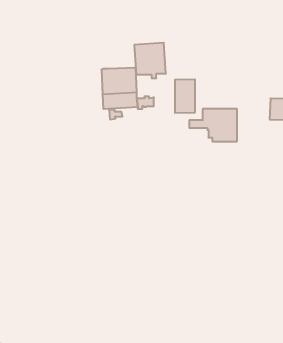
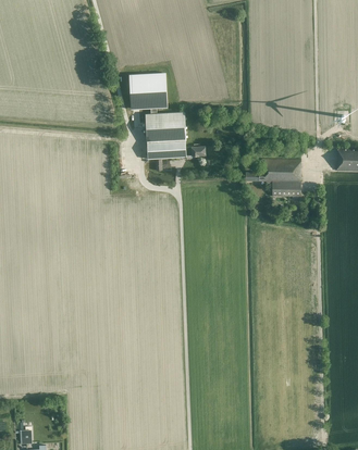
building: [134,43,166,78] -> [132,73,168,113]
building: [175,79,195,113] -> none

